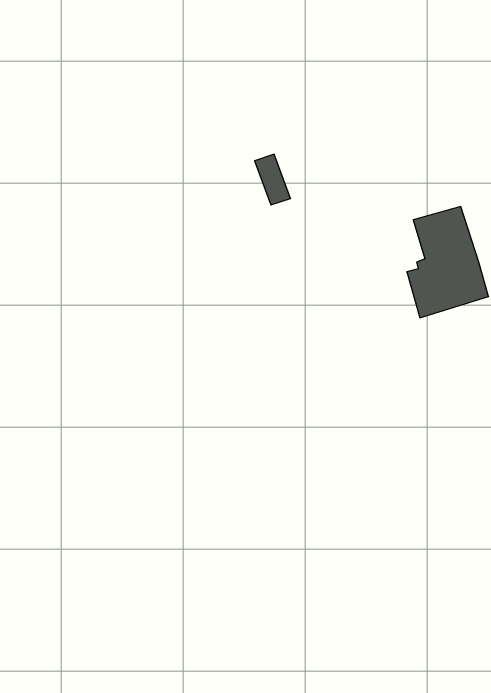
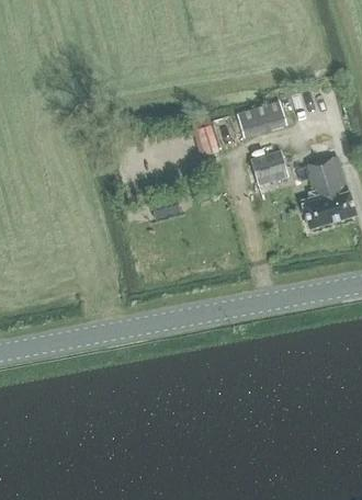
building: none -> [235,100,285,137]
building: none -> [251,156,289,188]

